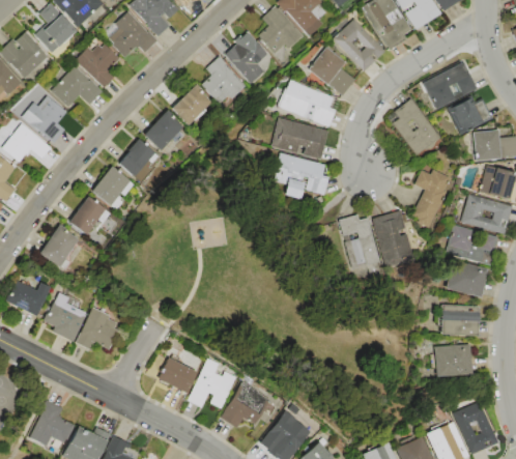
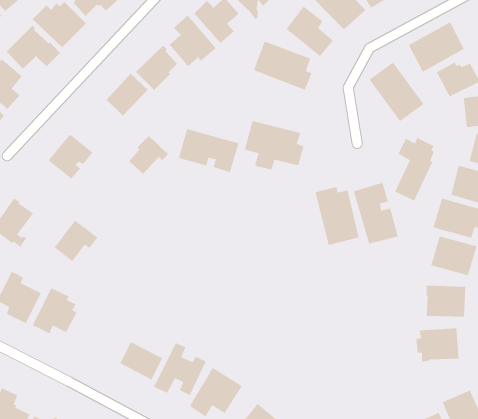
building: [270,118,327,160] -> [178,128,239,173]
building: [119,139,156,175] -> [129,135,169,175]
building: [67,196,109,235] -> [53,220,98,262]

